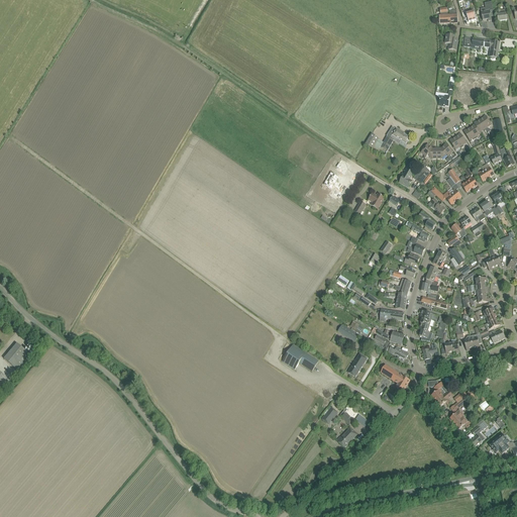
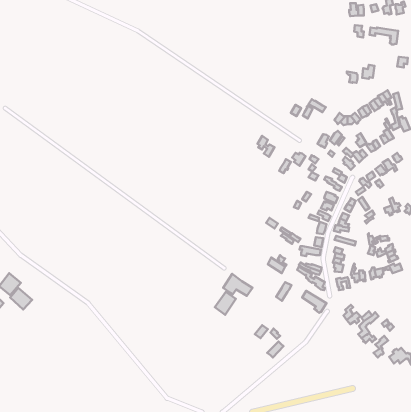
building: none -> [10,288,32,309]
building: none -> [215,292,236,315]

